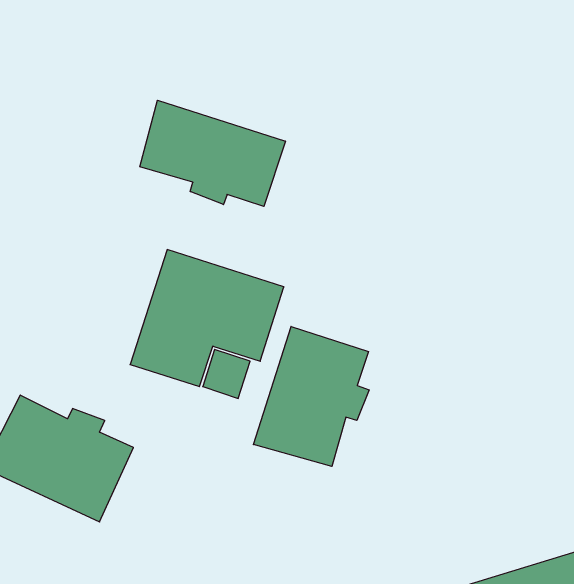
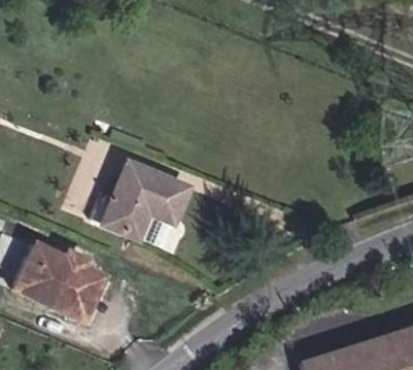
building: [140,100,285,206] -> none
building: [253,326,369,466] -> none

